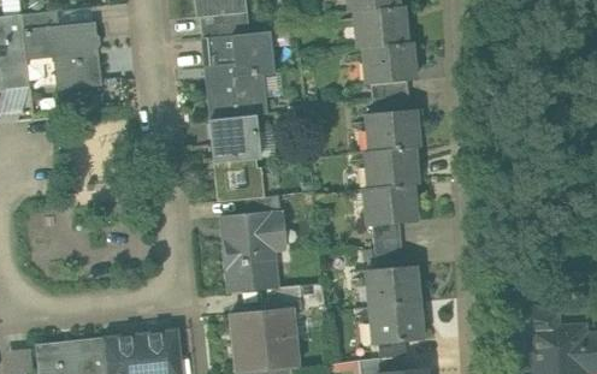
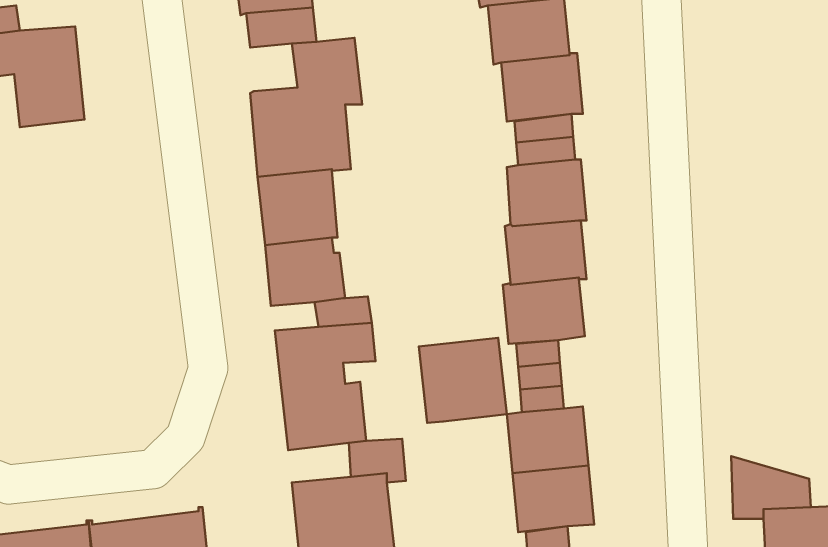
building: [205,35,235,65] -> none
building: none -> [419,338,507,423]

